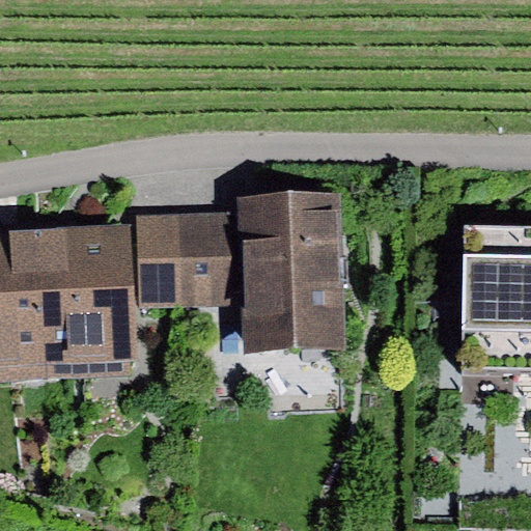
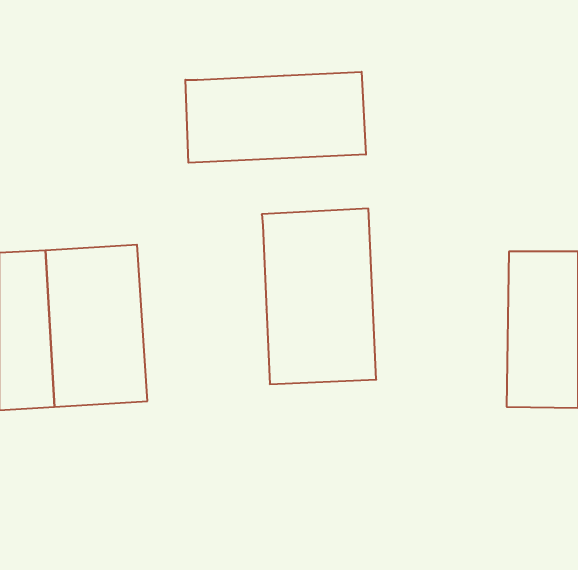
building: none -> [185,72,366,163]
building: [135,206,244,304] -> none

